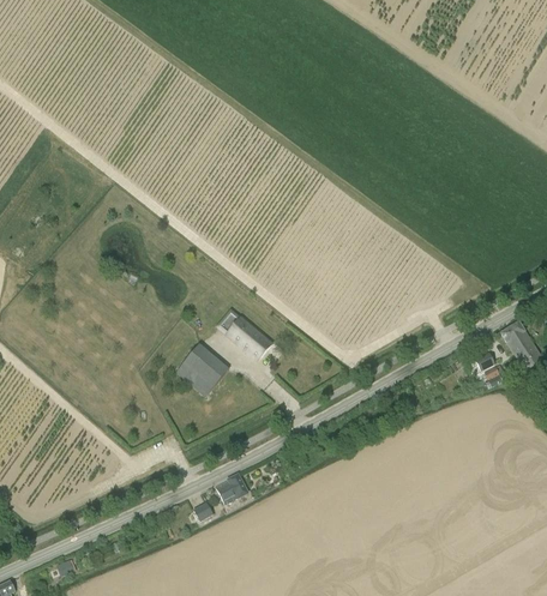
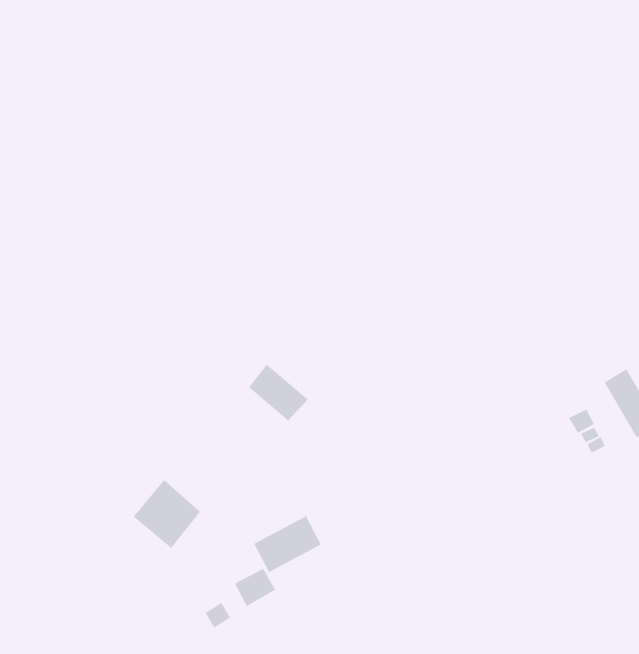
building: [175,342,228,396] -> [133,479,201,549]
building: none -> [254,516,321,573]

